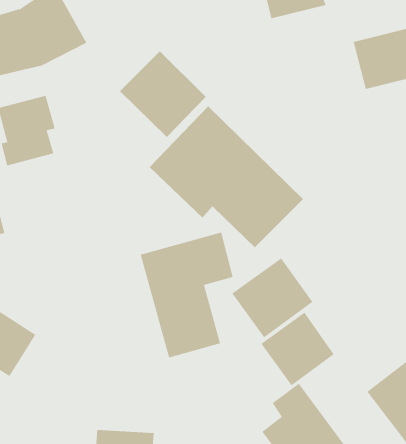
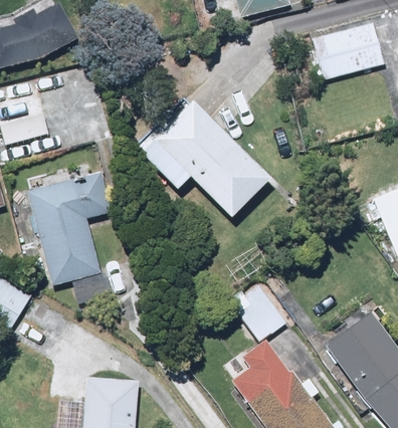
building: [119,51,207,138] -> none
building: [140,232,233,358] -> [28,172,111,283]
building: [231,258,313,338] -> none

